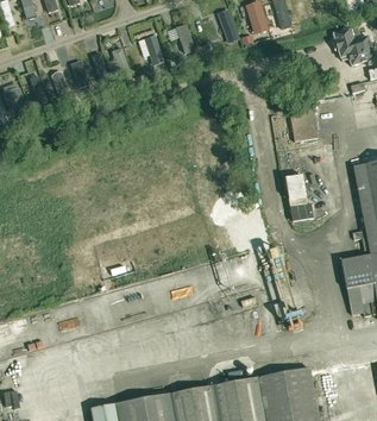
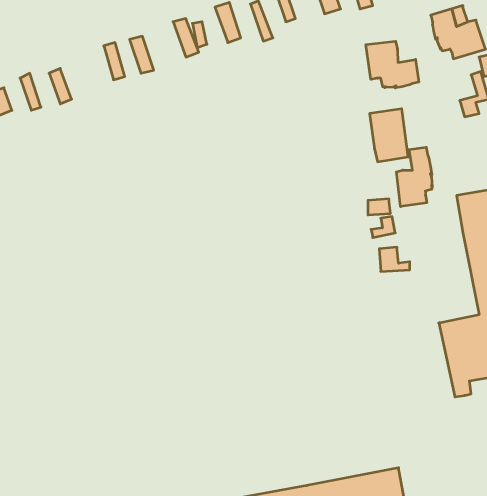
building: none -> [366,41,419,88]
building: none -> [396,147,432,207]

